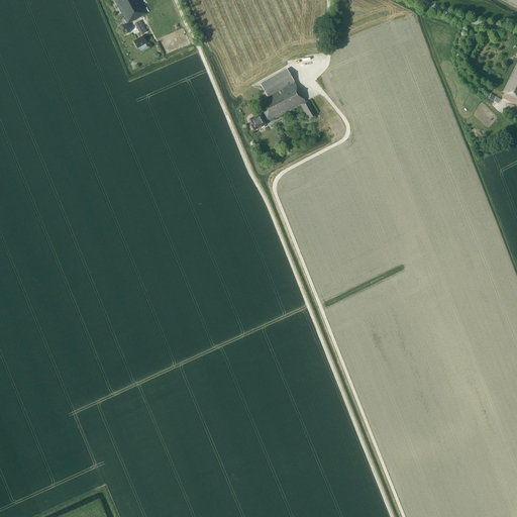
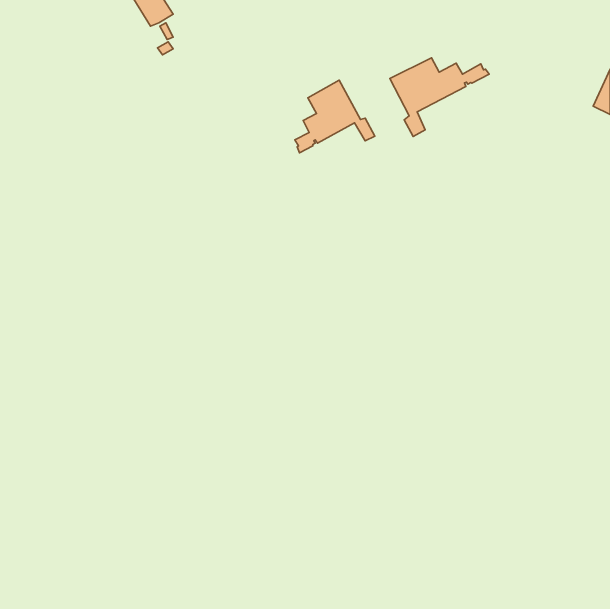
building: none -> [390,58,489,136]

